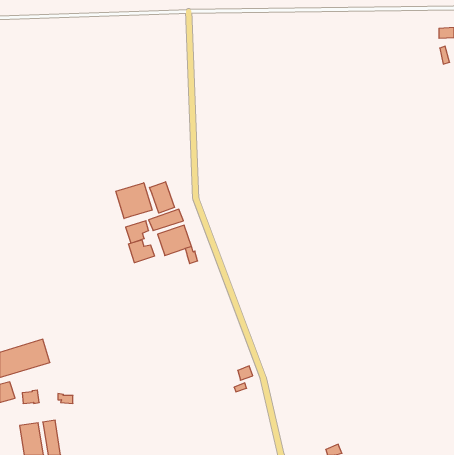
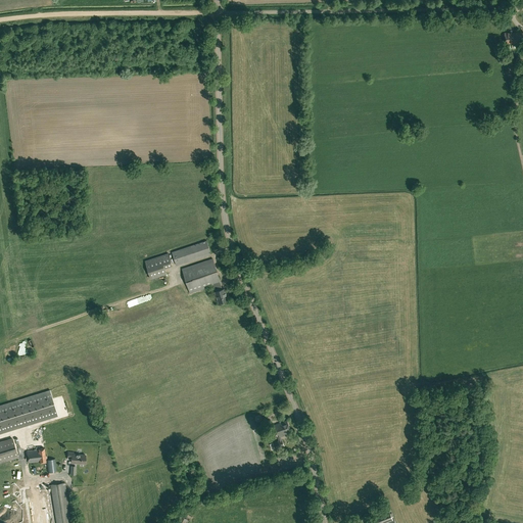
building: [150,182,175,213] -> none
building: [116,183,152,219] -> none
building: [129,240,154,263] -> none

